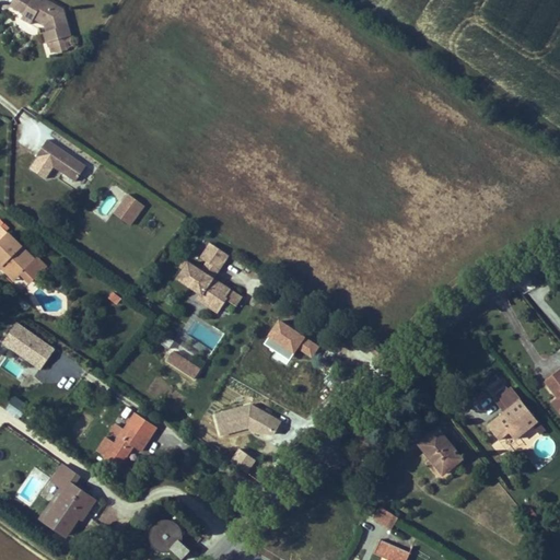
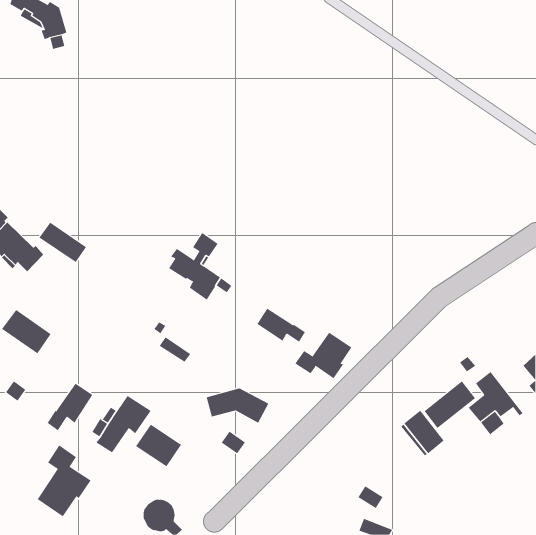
building: [35,138,85,180] -> [38,222,87,263]
building: [112,191,143,224] -> none
building: none -> [295,332,352,379]
building: none -> [424,380,476,429]
building: none -> [47,383,93,431]
building: none -> [135,424,182,467]

